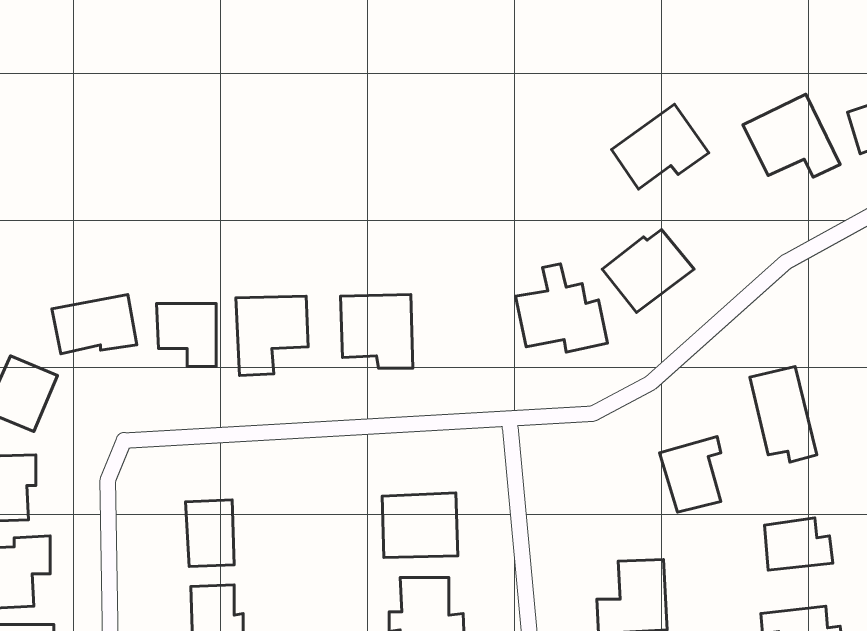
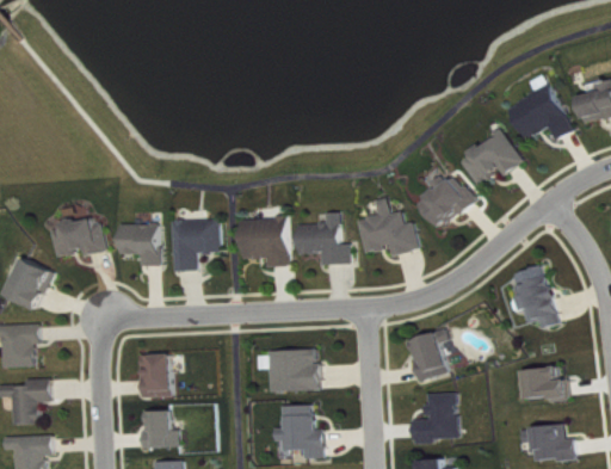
building: [611,104,709,189] -> [458,129,523,185]
building: none -> [297,211,351,264]
building: [659,437,721,512] -> [407,329,448,379]

